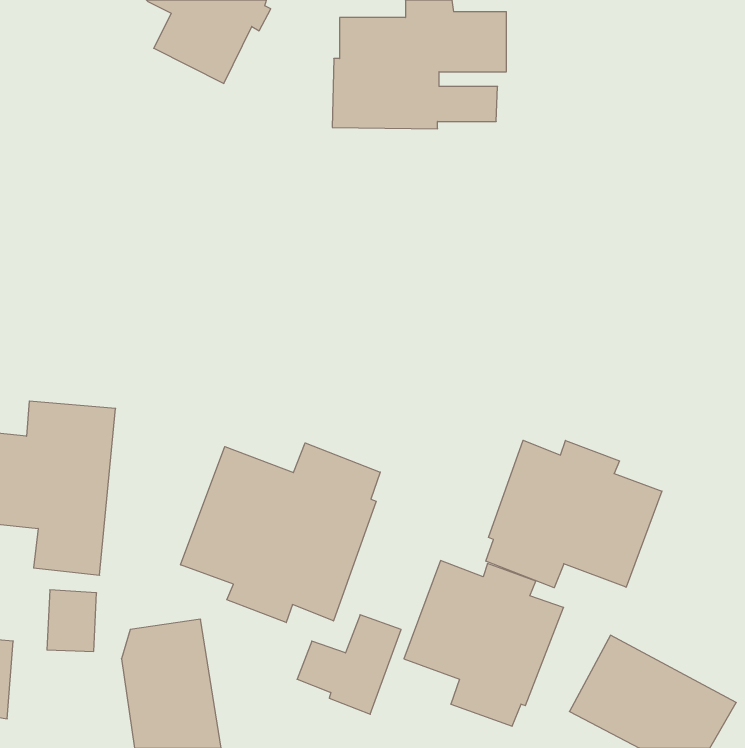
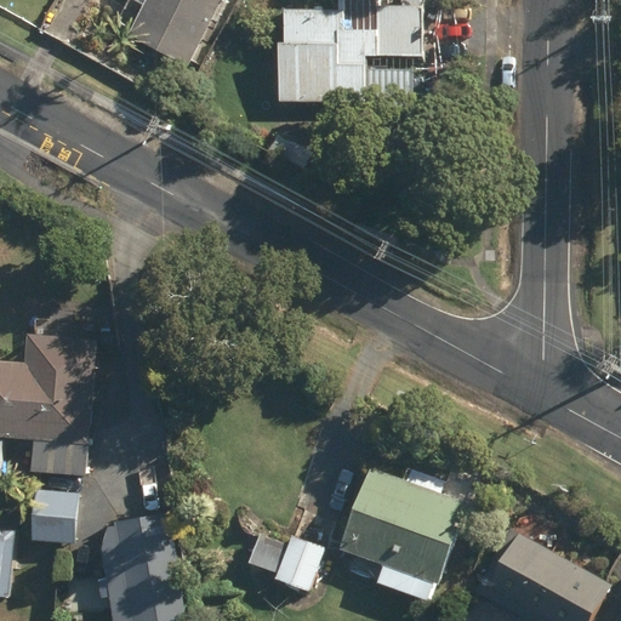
building: [486,440,662,588] -> none
building: [181,443,380,623] -> none

